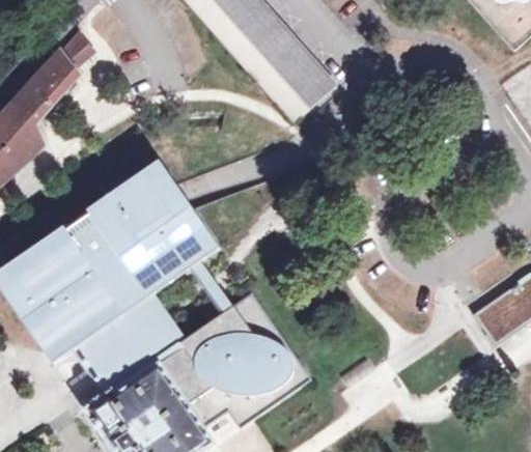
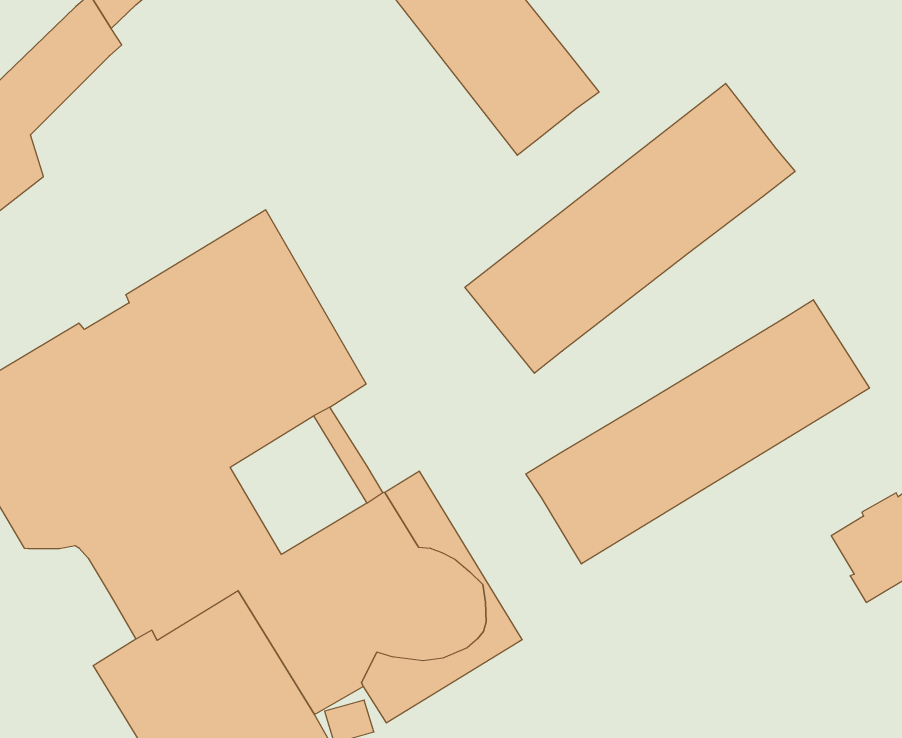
building: none -> [465,83,795,373]
building: none -> [526,300,869,564]

